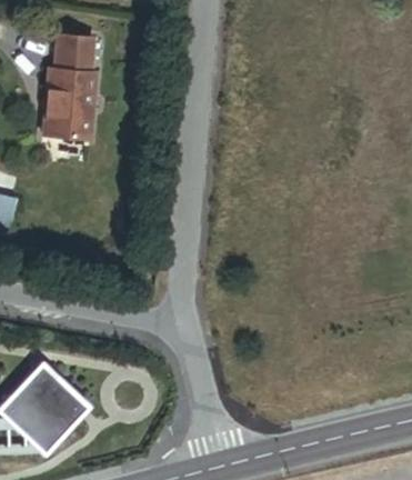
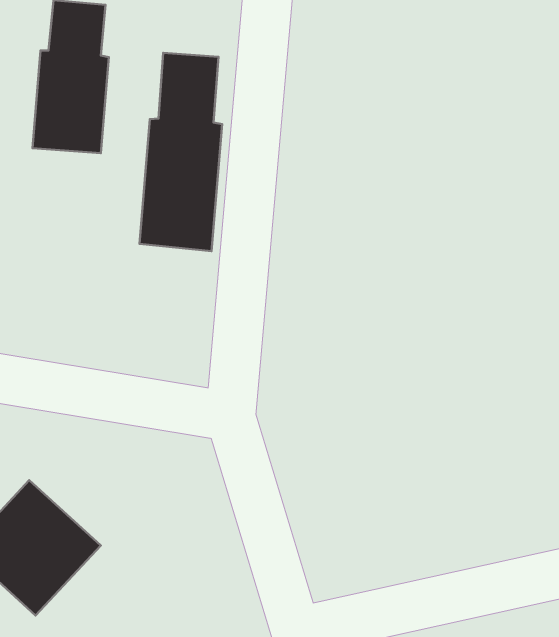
building: none -> [139,53,222,251]

